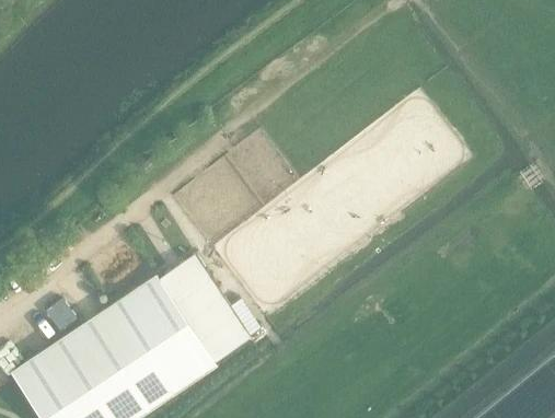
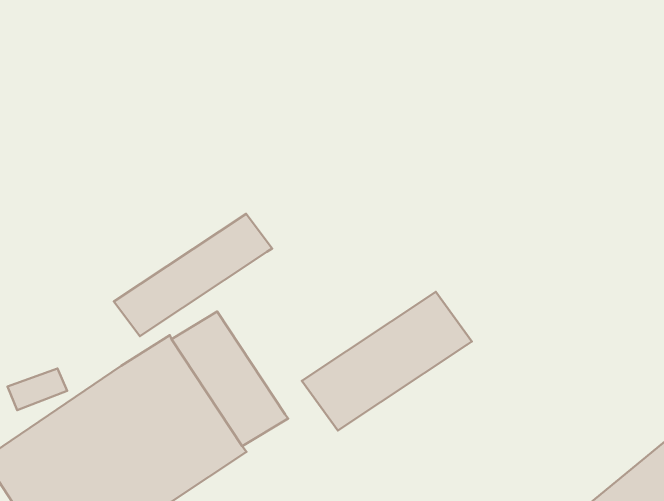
building: none -> [114,214,272,336]
building: none -> [302,292,472,430]

